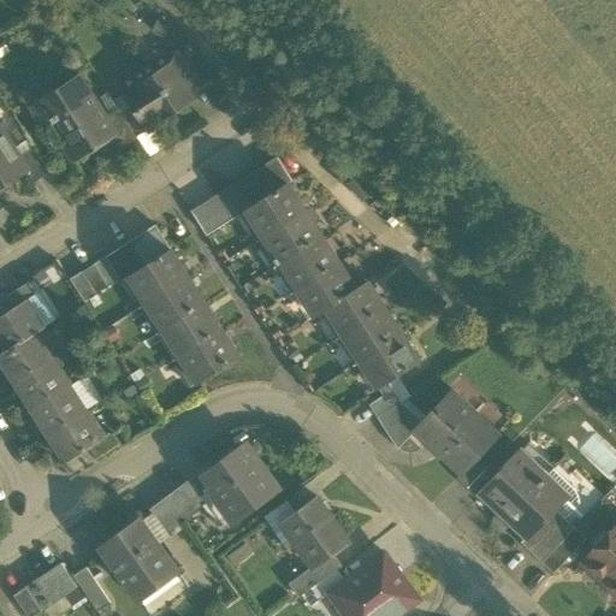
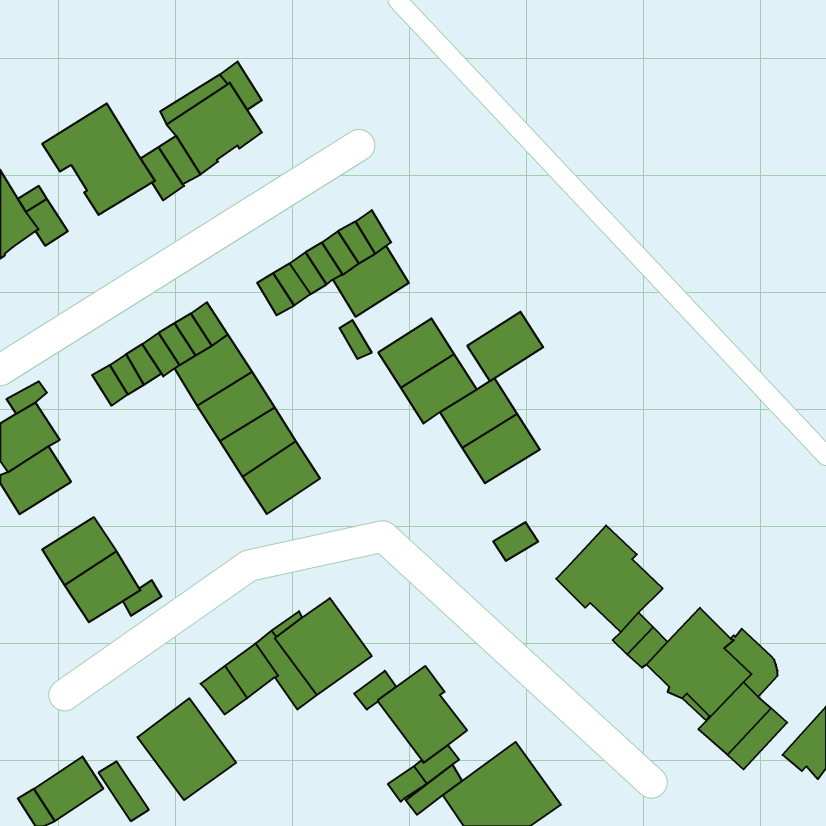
building: [265,211,321,262] -> [467,312,543,381]
building: [361,334,419,387] -> none
building: [14,359,70,409] -> none
building: [377,403,421,448] -> none

